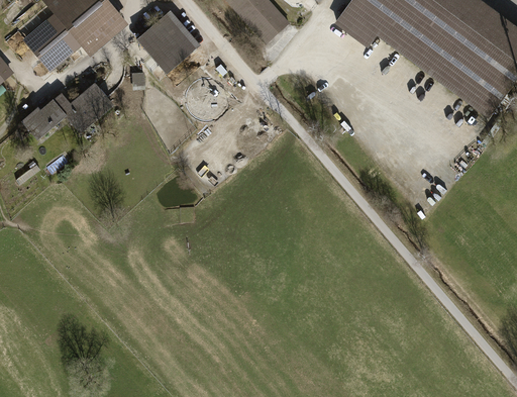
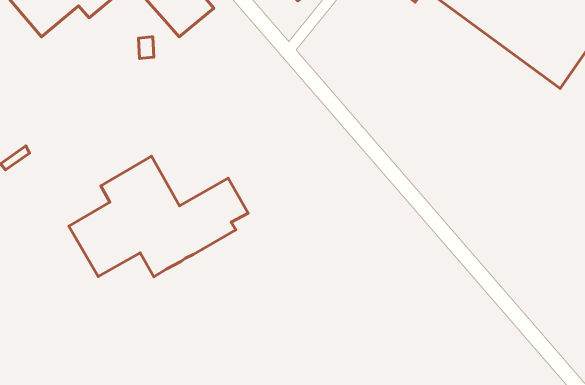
building: [23,83,112,137] -> none
building: none -> [69,156,248,277]

